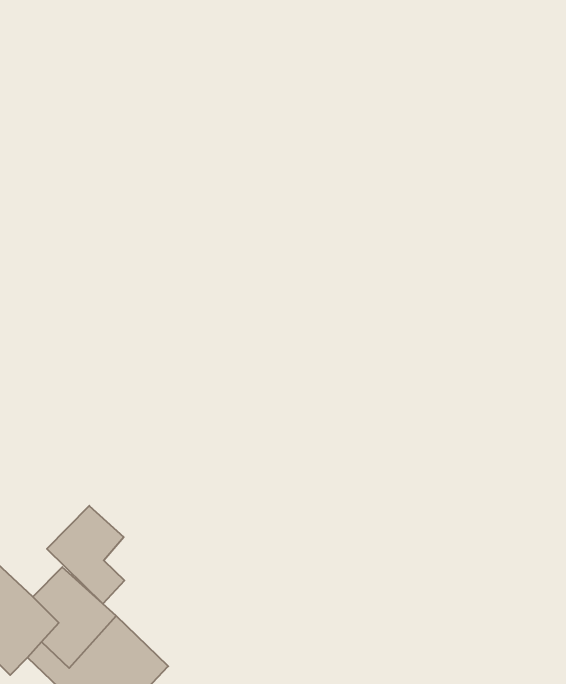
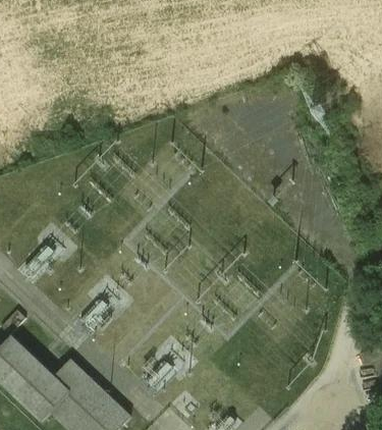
building: [47,506,124,604] -> none

